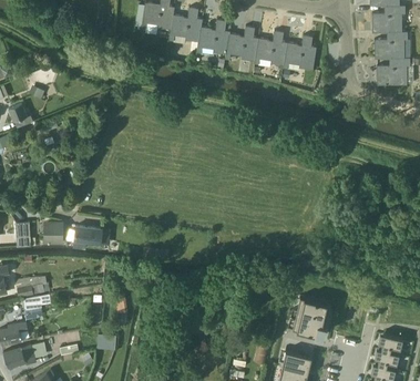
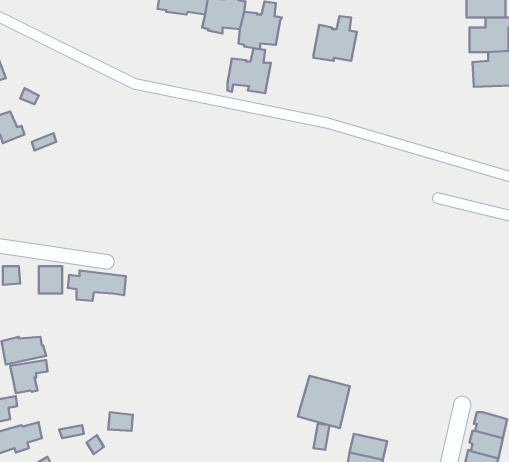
building: [226,27,259,61] -> [227,48,271,93]
building: [284,35,317,71] -> none
building: [290,295,330,334] -> [298,376,350,428]

